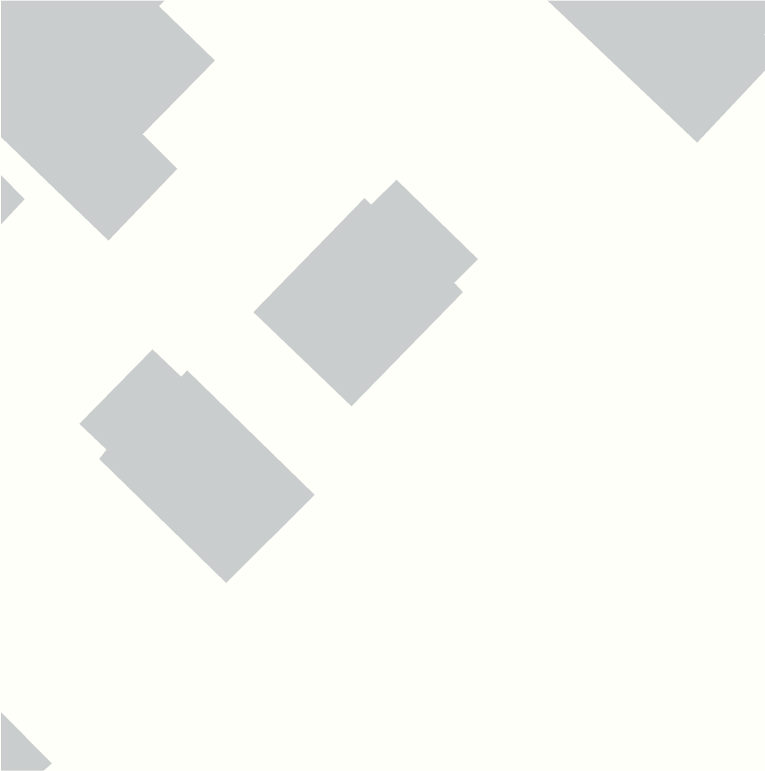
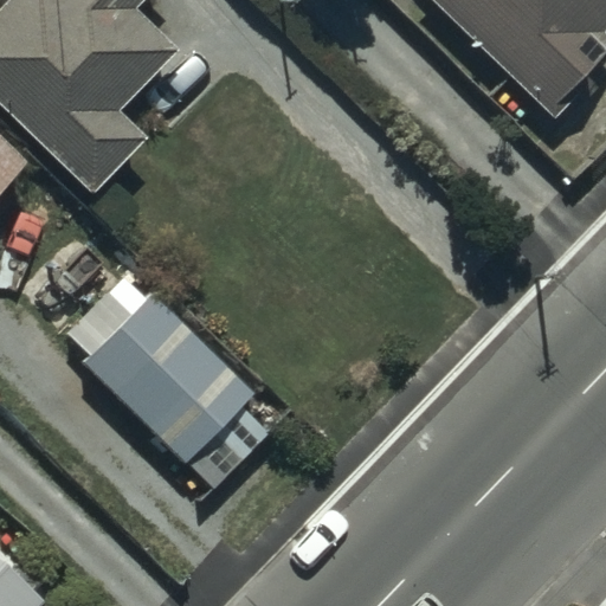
building: [252,179,479,407] -> none

